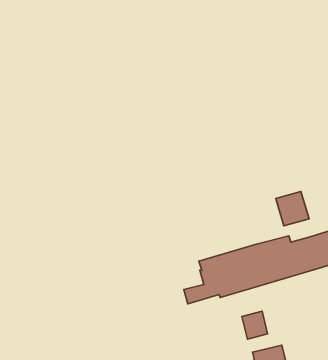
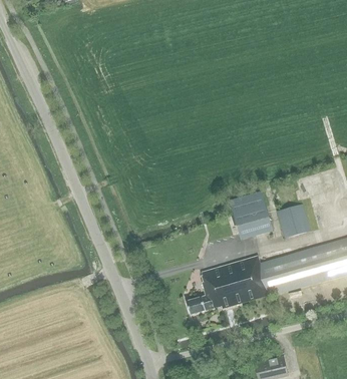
building: none -> [230,191,272,238]
building: [242,311,268,339] -> none

